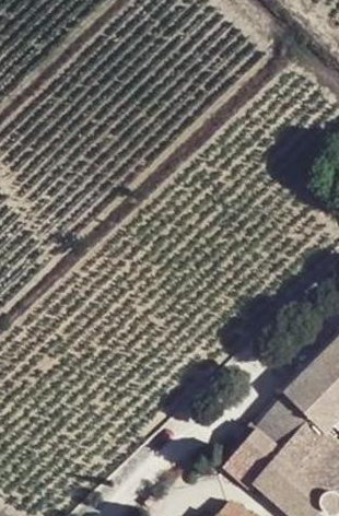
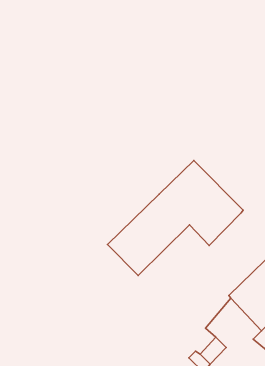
building: none -> [108,160,243,275]

